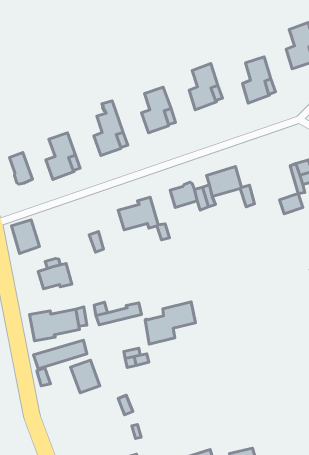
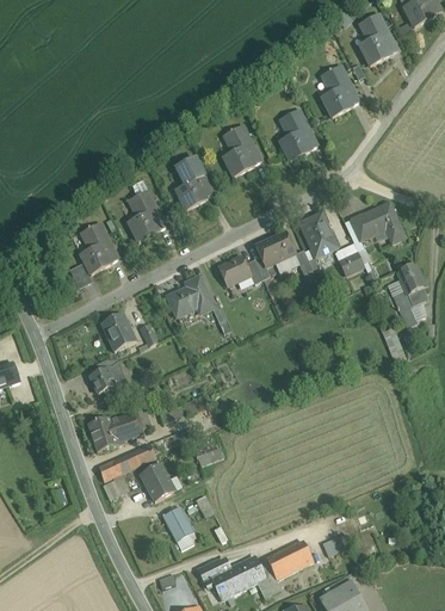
building: [9,153,32,184] -> none
building: none -> [298,211,338,258]
building: [11,220,39,253] -> [100,313,134,351]
building: [145,302,196,344] -> none
building: none -> [163,507,192,539]

